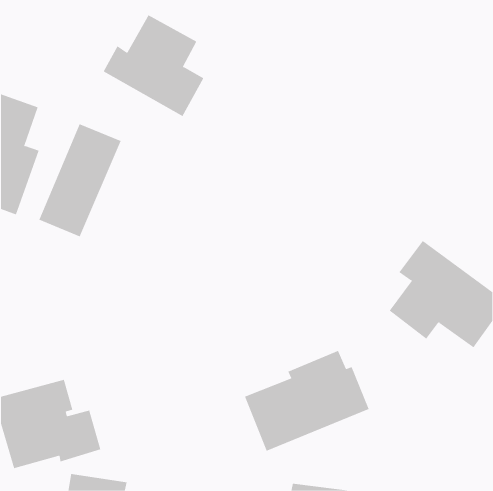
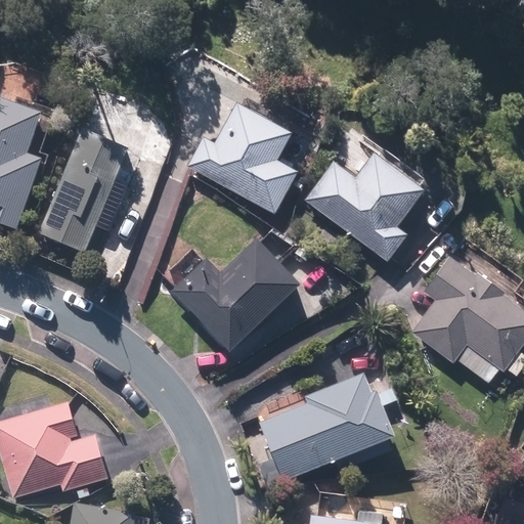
building: [103,15,204,117] -> [189,105,297,214]
building: none -> [305,155,424,261]
building: none -> [172,241,300,351]

